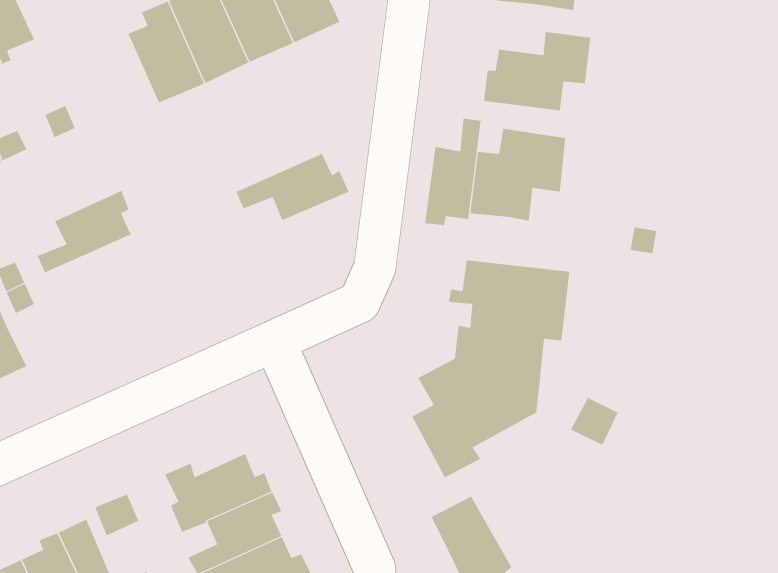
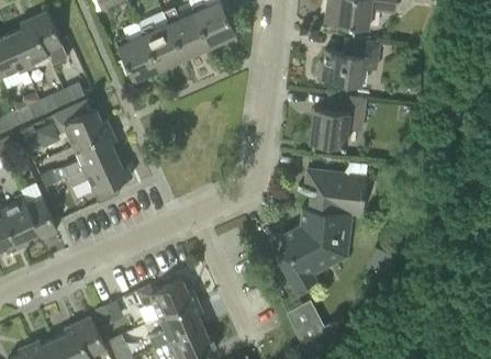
building: [424,118,481,226] -> none
building: none -> [53,101,111,148]
building: [235,153,349,221] -> [67,156,132,194]

